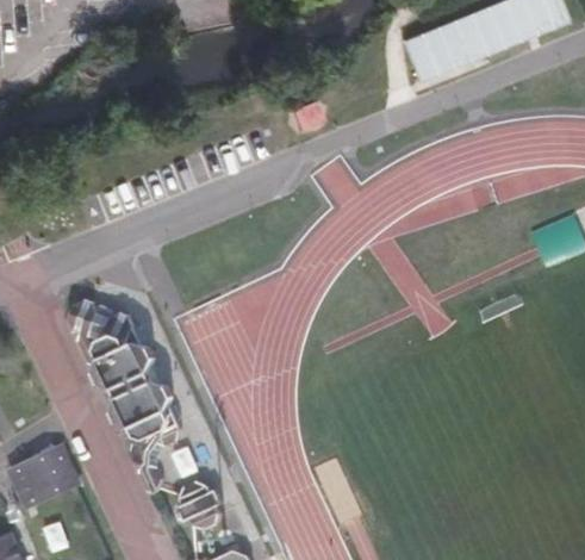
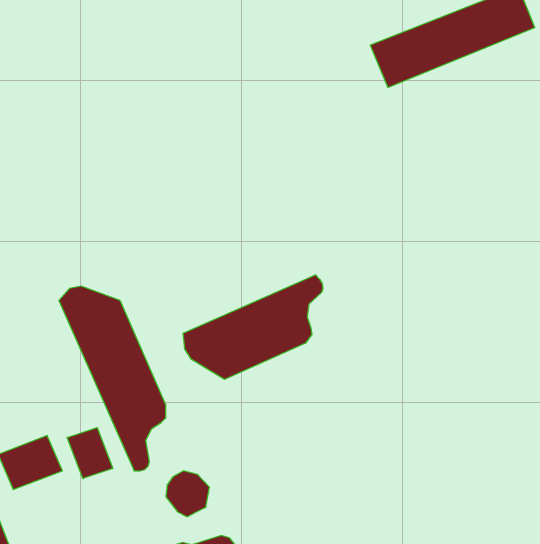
building: none -> [183,275,323,379]
building: none -> [67,428,113,479]

